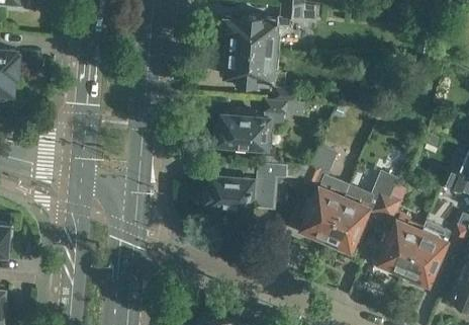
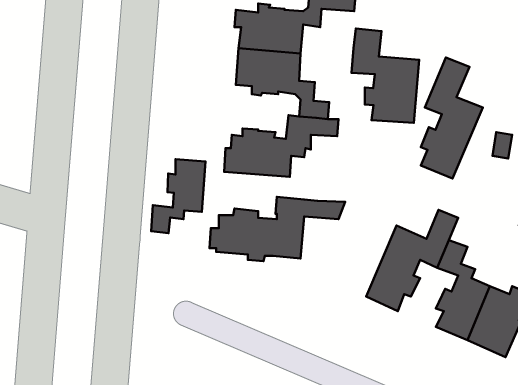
building: none -> [352,28,419,123]
building: none -> [151,159,206,233]
building: [301,147,349,240] -> [421,58,483,179]

